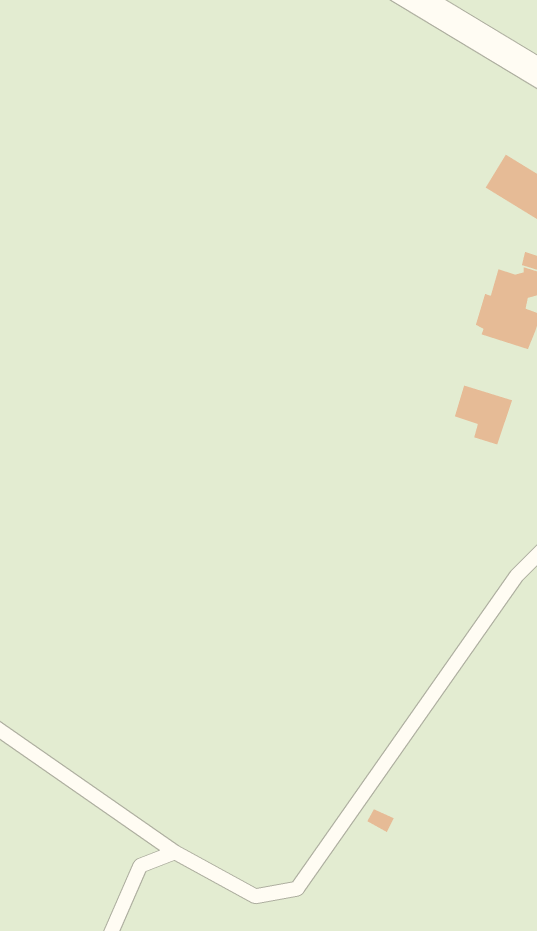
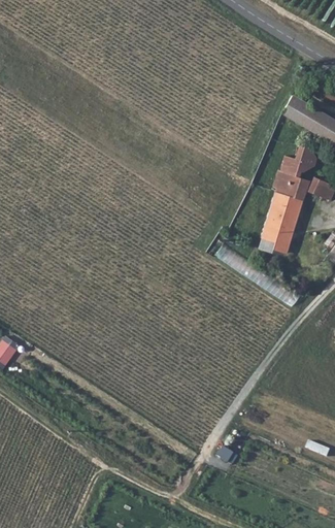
building: none -> [268,192,303,227]

